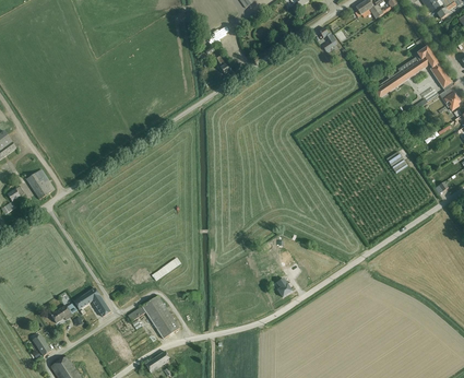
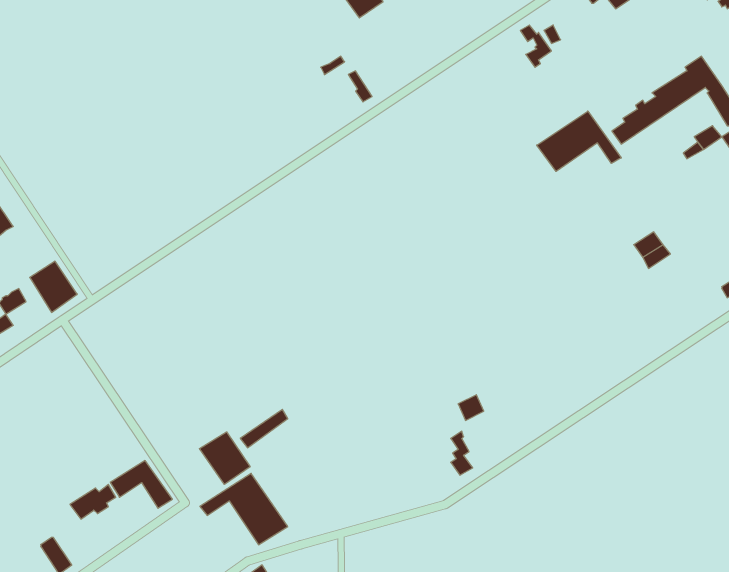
building: none -> [537,111,621,171]
building: none -> [199,432,250,484]

